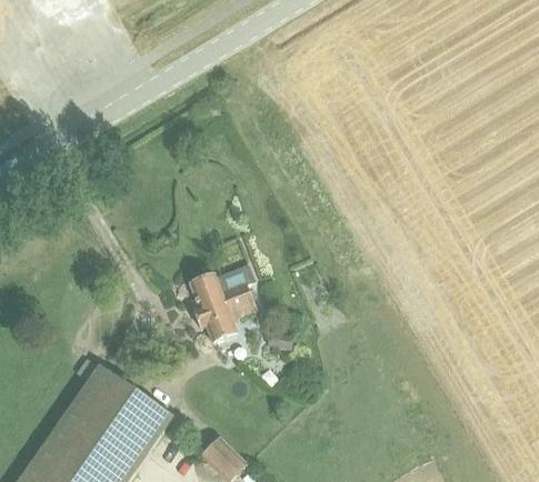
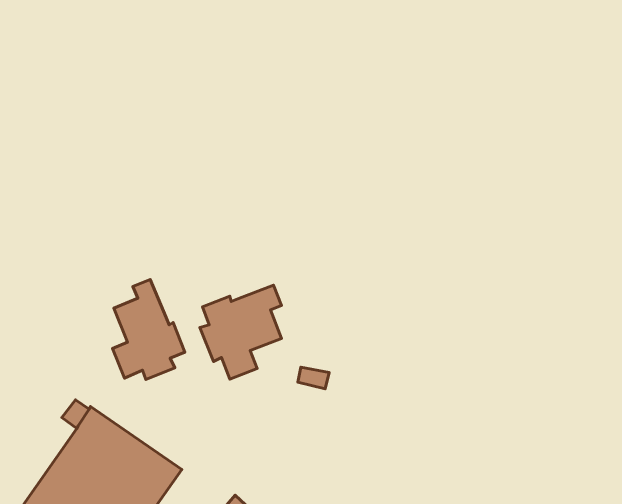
building: none -> [113,279,185,380]

